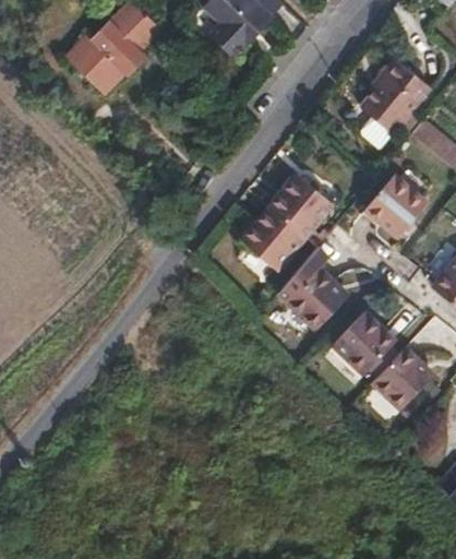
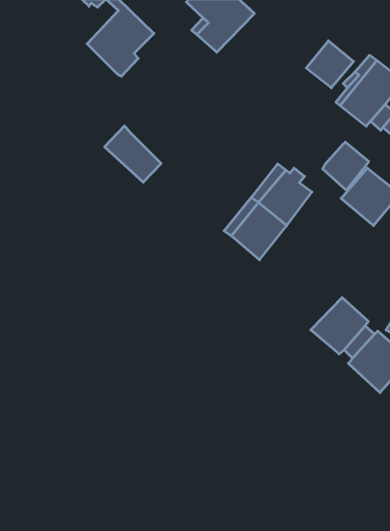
building: [71,38,130,97] -> [105,126,161,182]
building: none -> [306,41,354,88]
building: none -> [323,142,369,190]
building: [292,258,353,319] -> none

